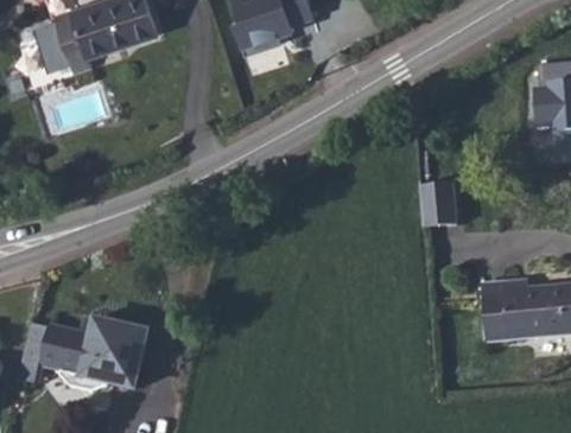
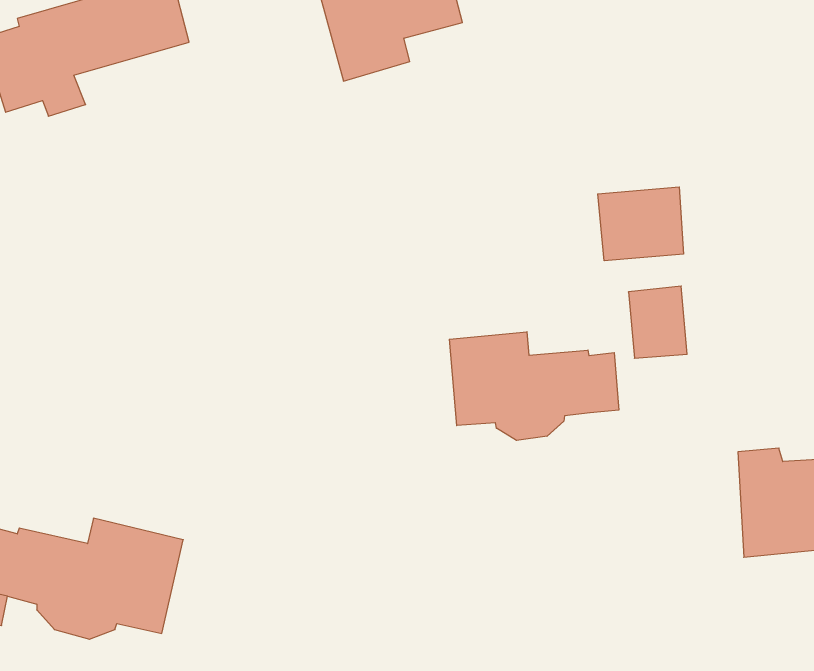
building: none -> [598,187,683,261]
building: none -> [449,332,619,440]

